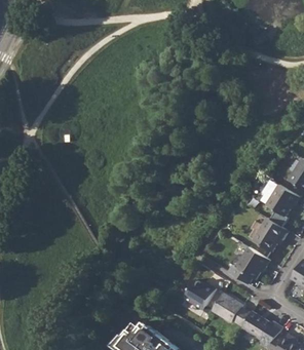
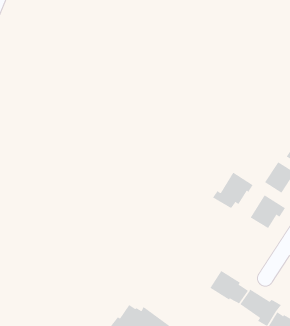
building: [228,246,269,283] -> [212,172,253,209]
building: [181,279,223,315] -> none

